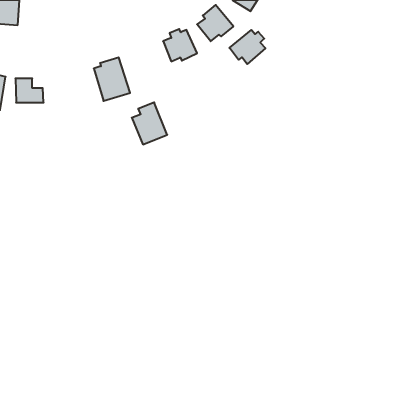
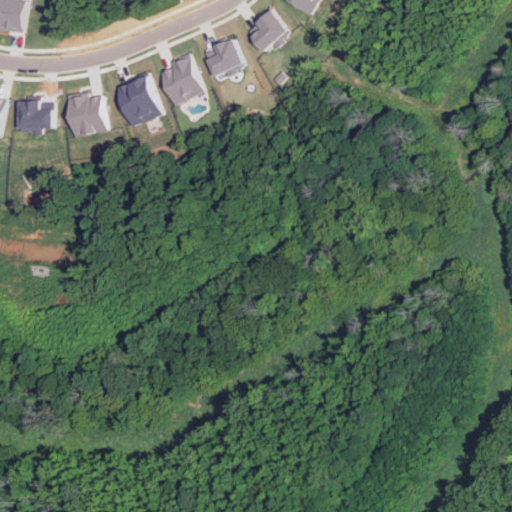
building: [229,30,265,64] -> none
building: none -> [66,92,107,137]
building: [132,102,167,144] -> [158,53,202,105]

